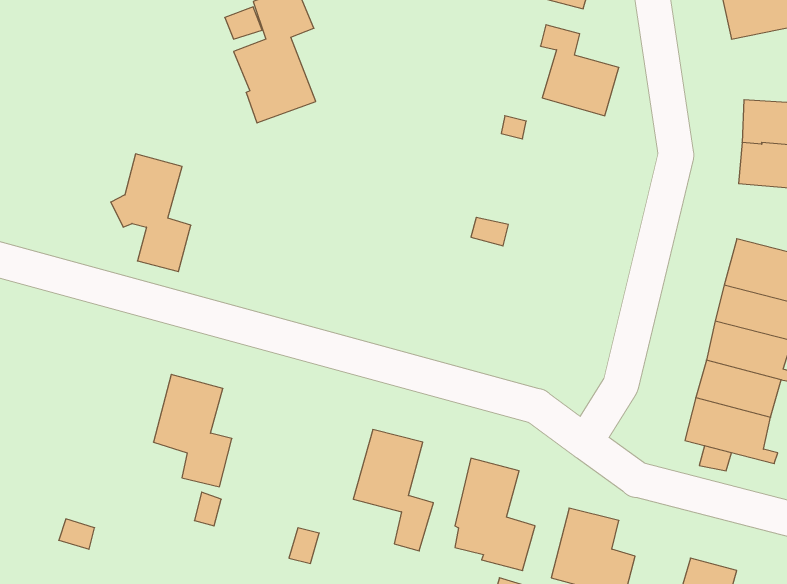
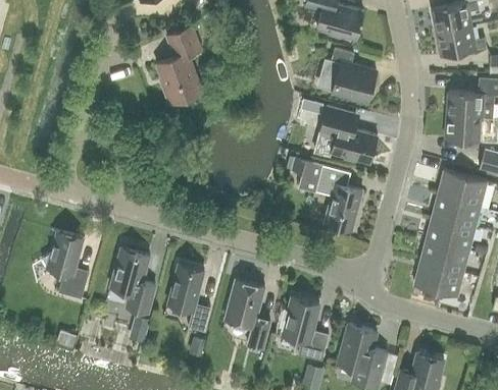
building: none -> [320,107,378,164]
building: [111,154,191,272] -> [43,231,89,298]
building: none -> [316,166,362,231]
building: none -> [167,264,210,332]

